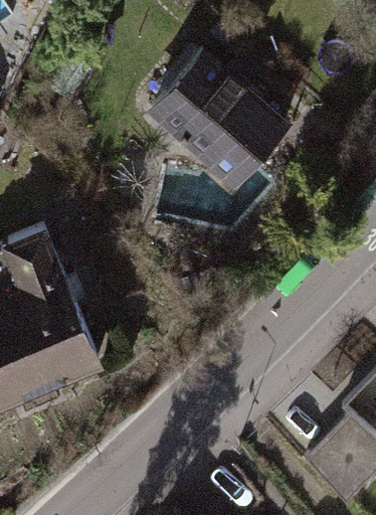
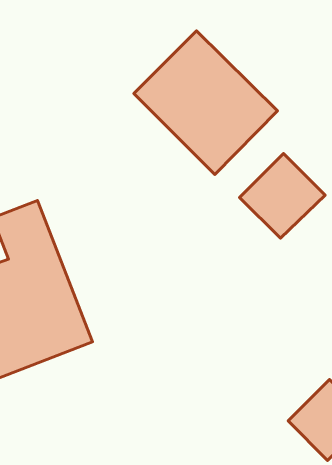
building: none -> [240,153,325,238]

